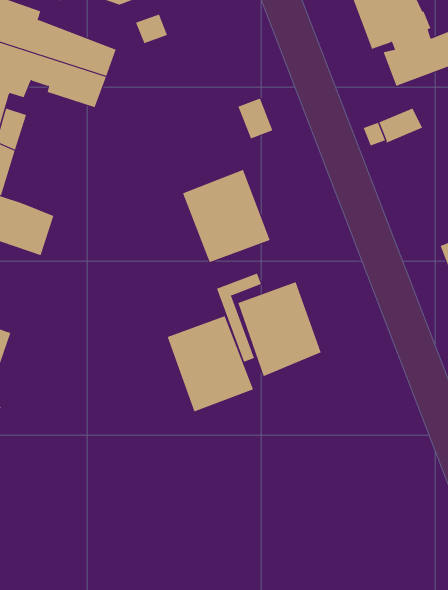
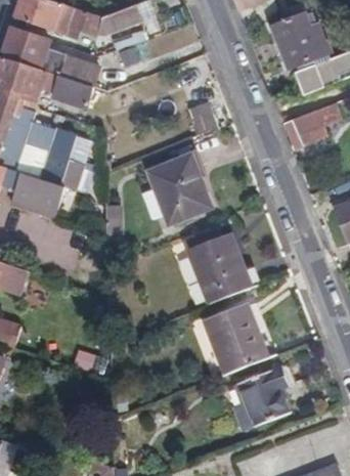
building: none -> [36,129,92,192]
building: [167,316,254,412] -> [205,304,267,374]
building: none -> [239,364,292,426]

